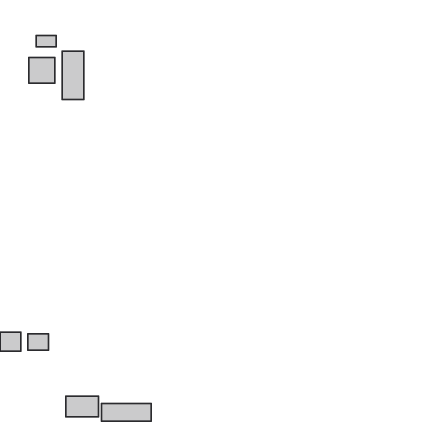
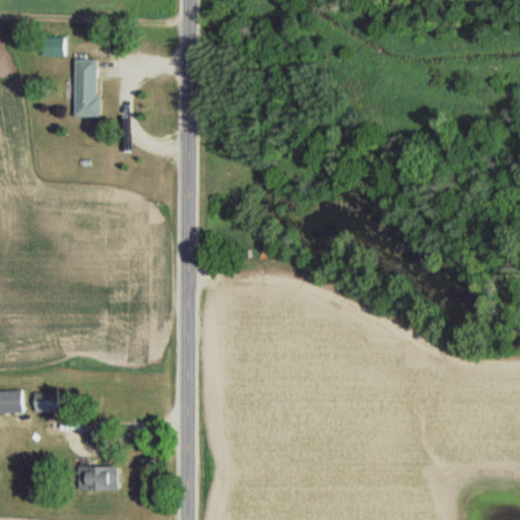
building: [29,57,55,83] -> none
building: [101,404,151,421] -> none

